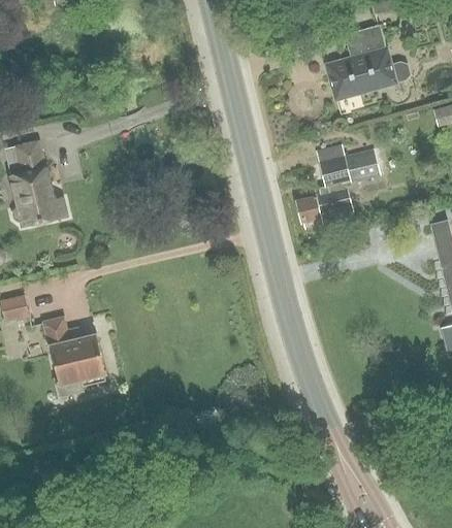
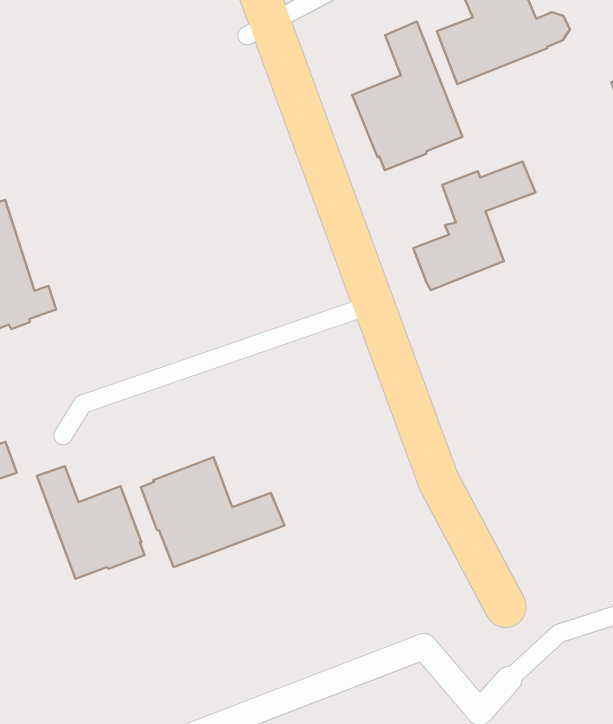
building: none -> [352,21,463,170]
building: none -> [141,457,284,567]

